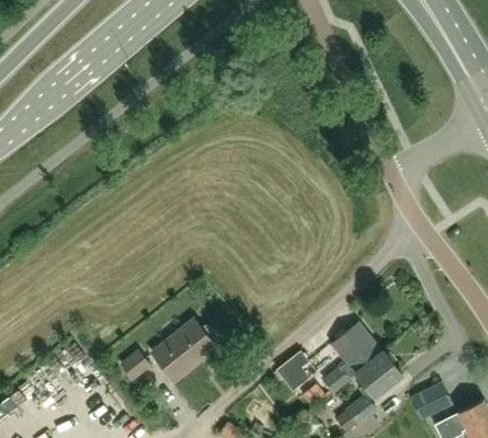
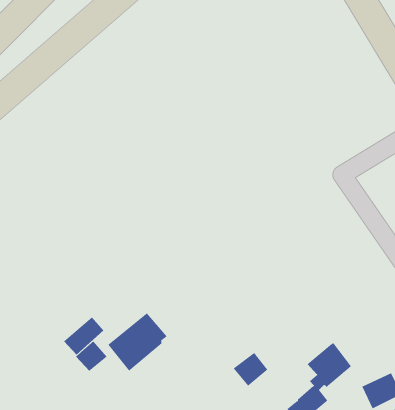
building: [322,325,381,394] -> none
building: none -> [63,316,104,356]

